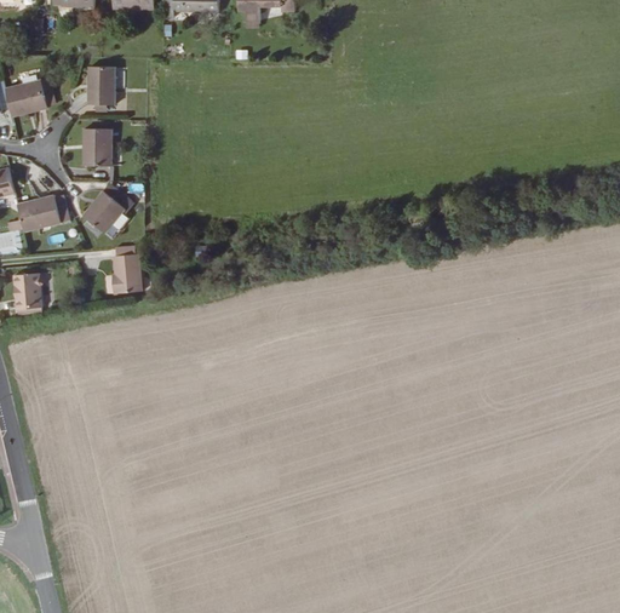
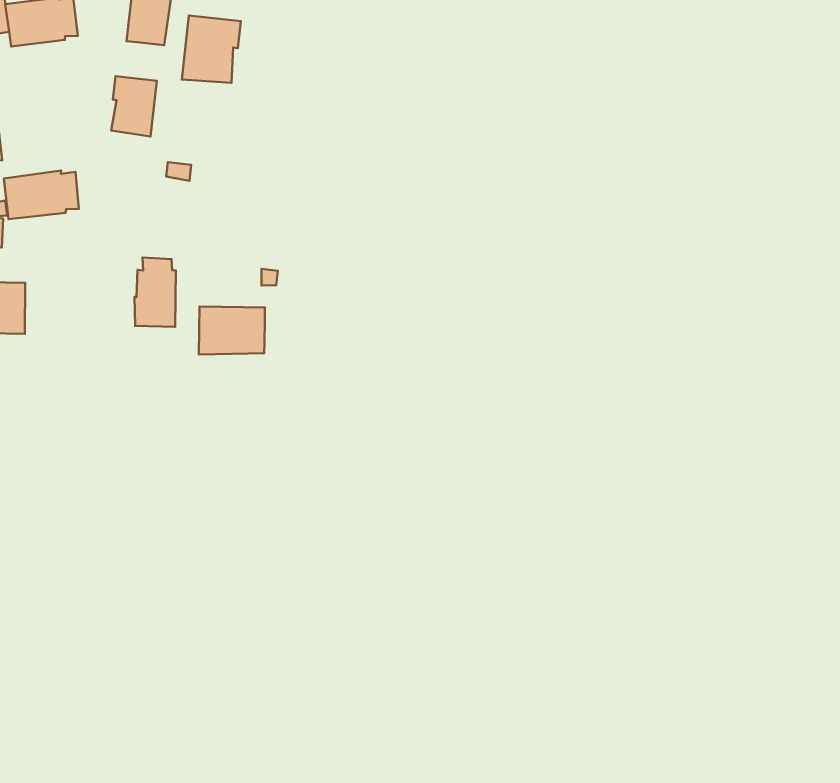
building: none -> [182,15,241,83]
building: [82,182,132,233] -> none
building: none -> [199,306,265,355]

